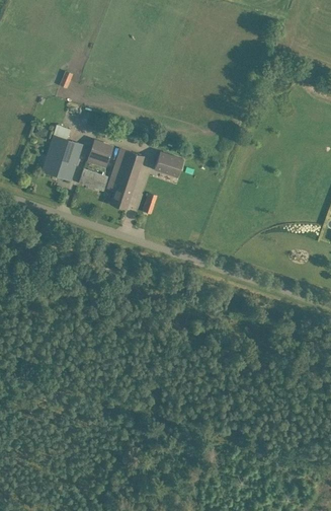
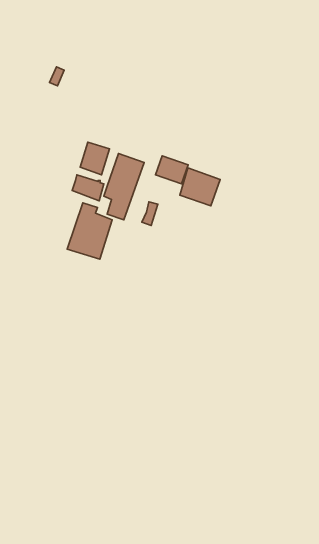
building: [43,130,83,180] -> [67,203,112,259]
building: none -> [180,168,220,206]

